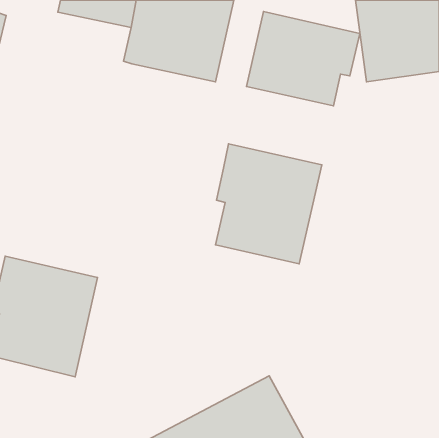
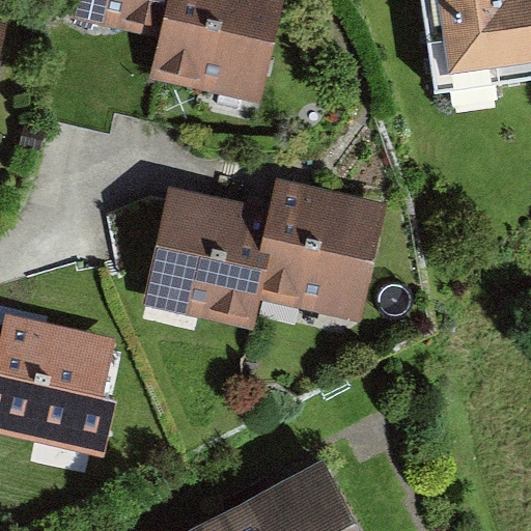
building: [247,12,360,106] -> none
building: none -> [143,184,271,330]

